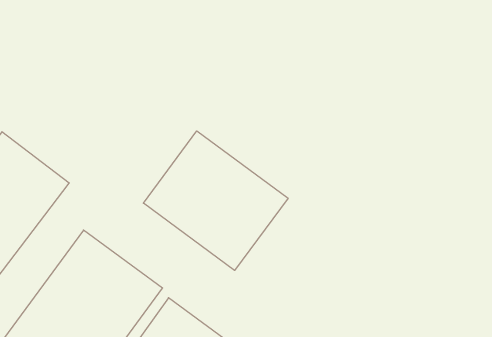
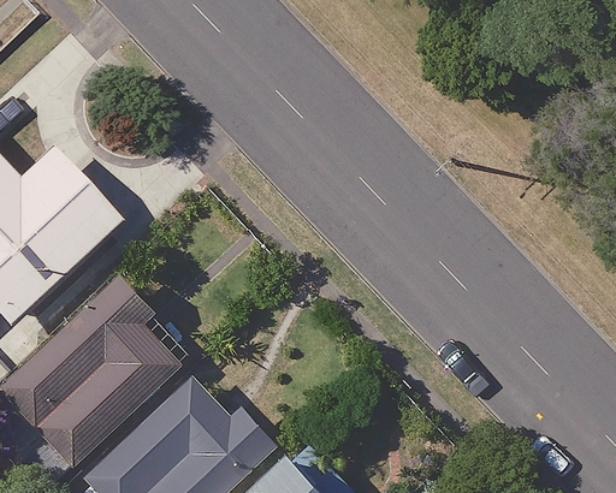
building: [143,131,288,270] -> none

